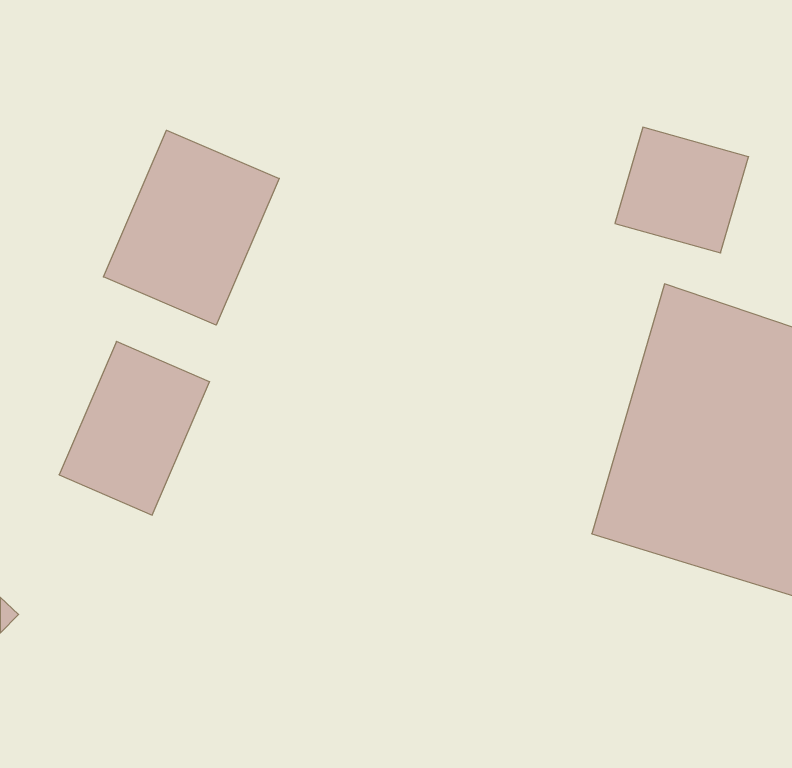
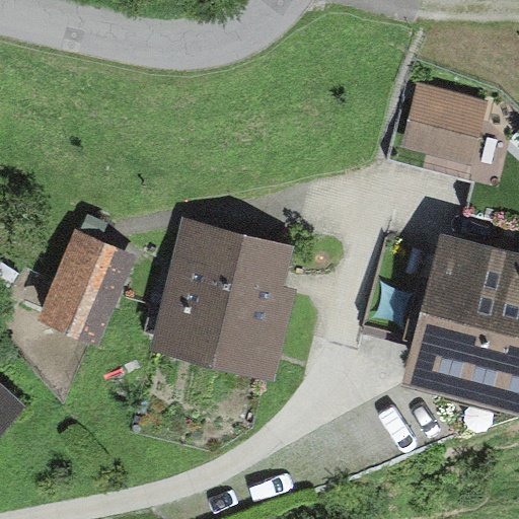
building: [103,130,279,325] -> none
building: none -> [153,209,295,367]

